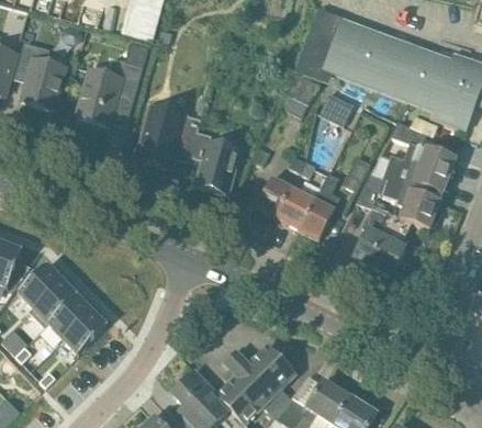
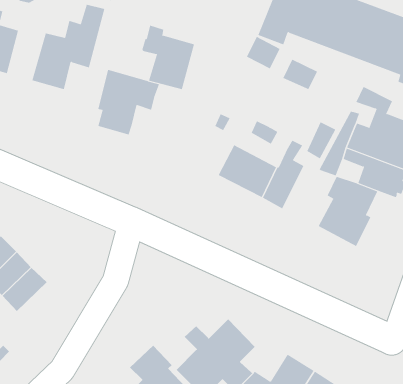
building: [189,131,240,193] -> [141,25,195,90]
building: [63,309,108,354] -> none

